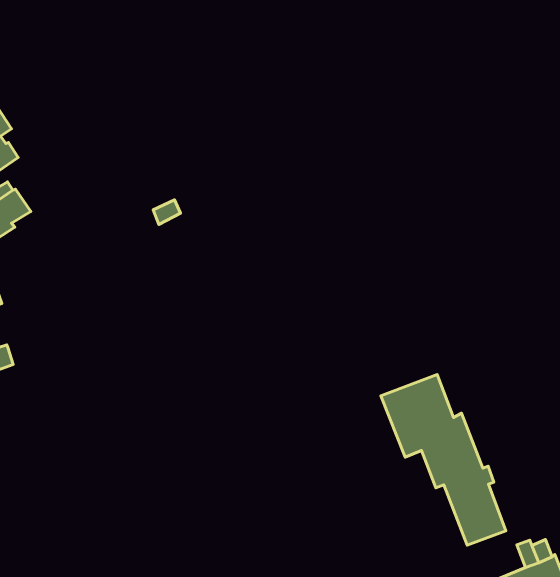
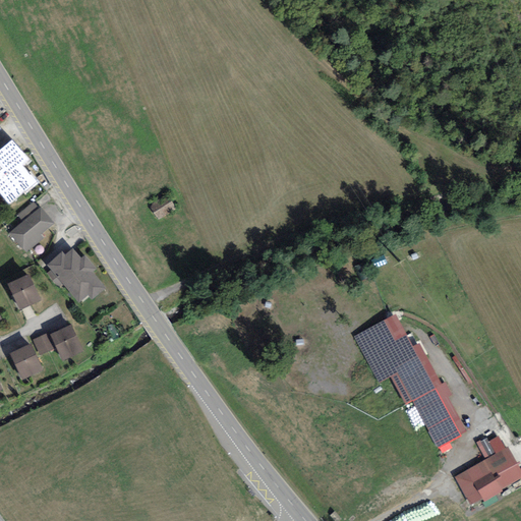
building: none -> [48,248,106,301]
building: none -> [50,324,83,360]

